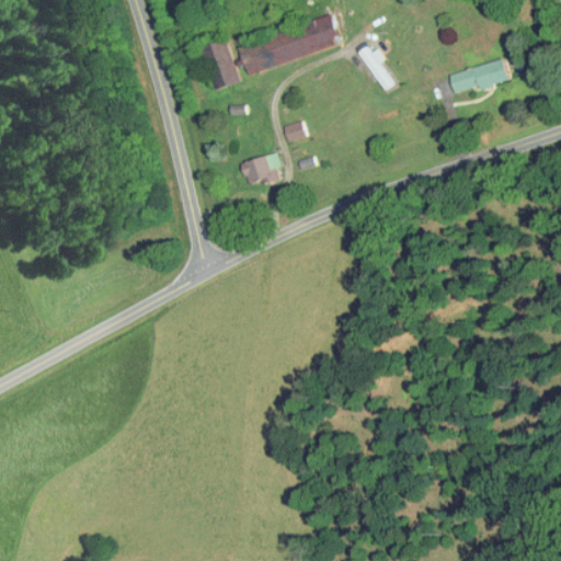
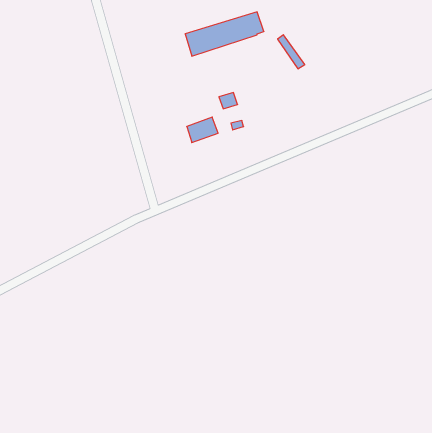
building: [203,41,236,89] -> none
building: [449,57,511,93] -> none

